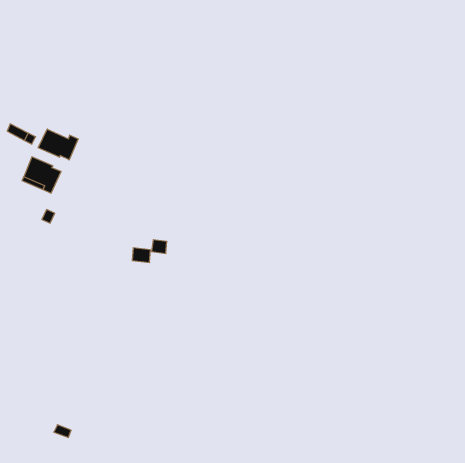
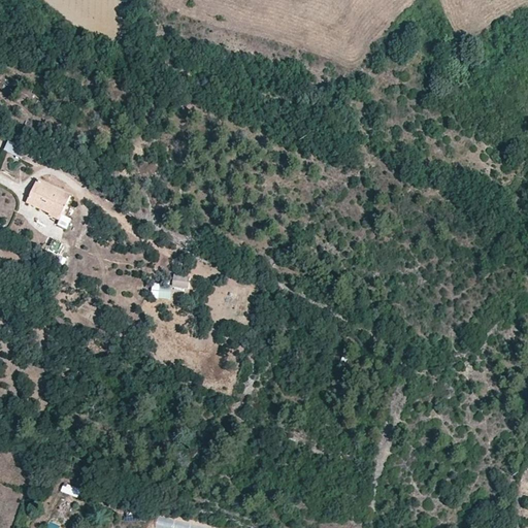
building: [38,129,78,160] -> none

